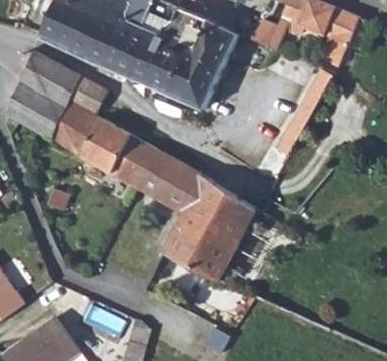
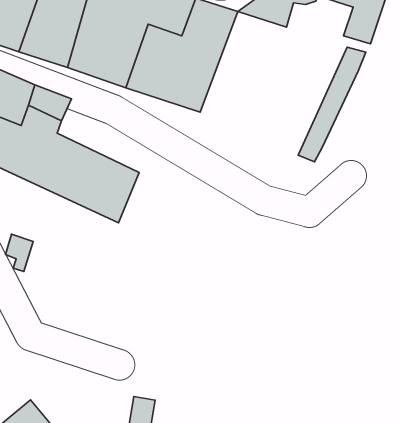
building: [135,150,257,282] -> none

